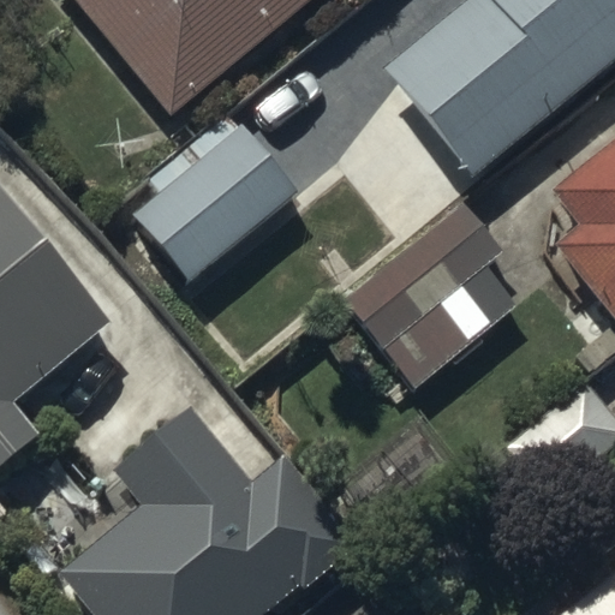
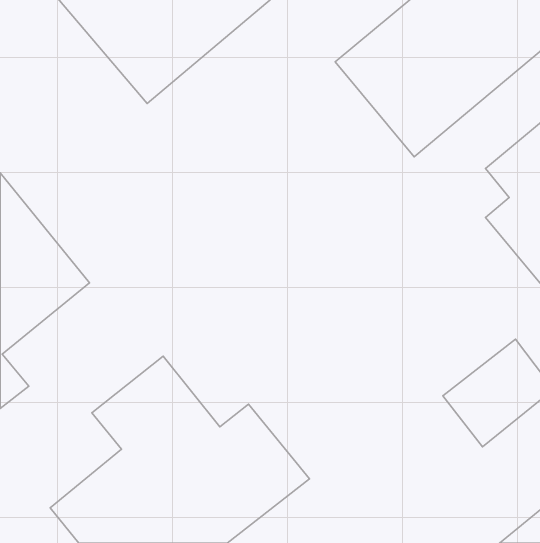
building: [135,113,299,282] -> none
building: [345,203,519,389] -> none

